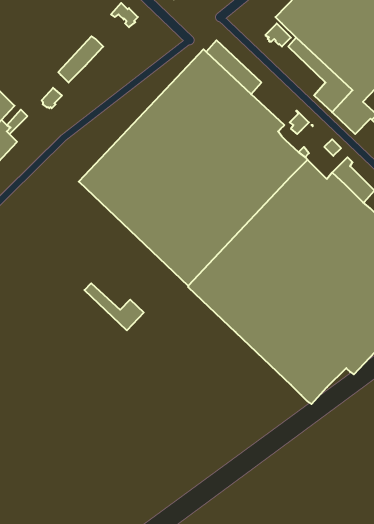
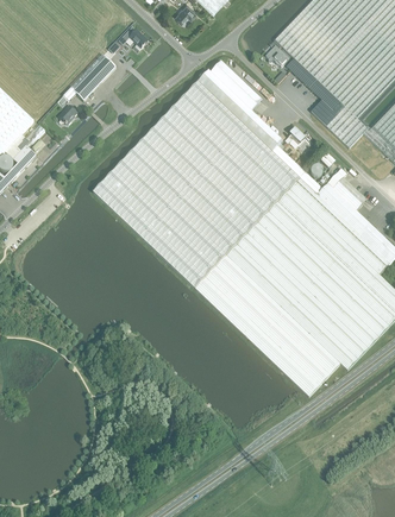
building: [84,283,144,330] -> none

